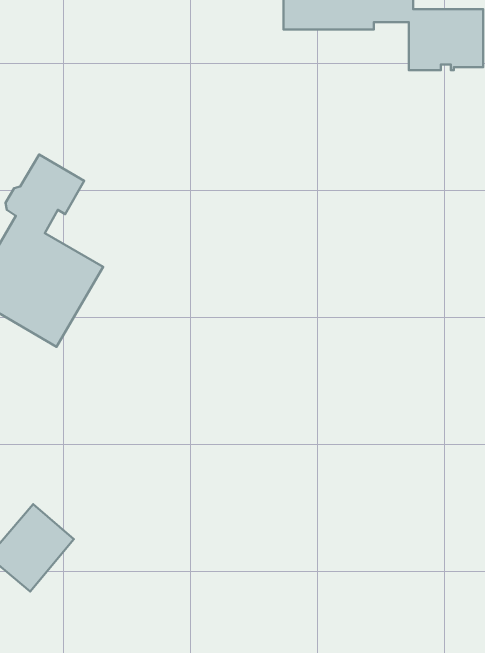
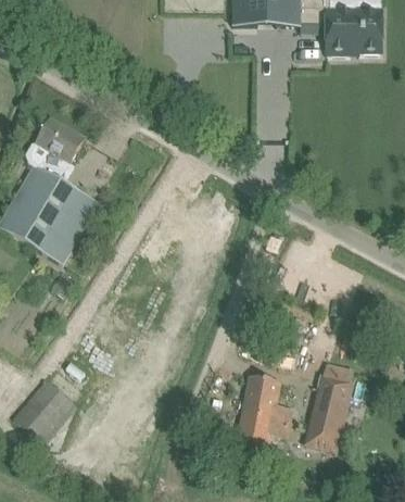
building: none -> [305,373,355,453]
building: none -> [235,376,293,453]

